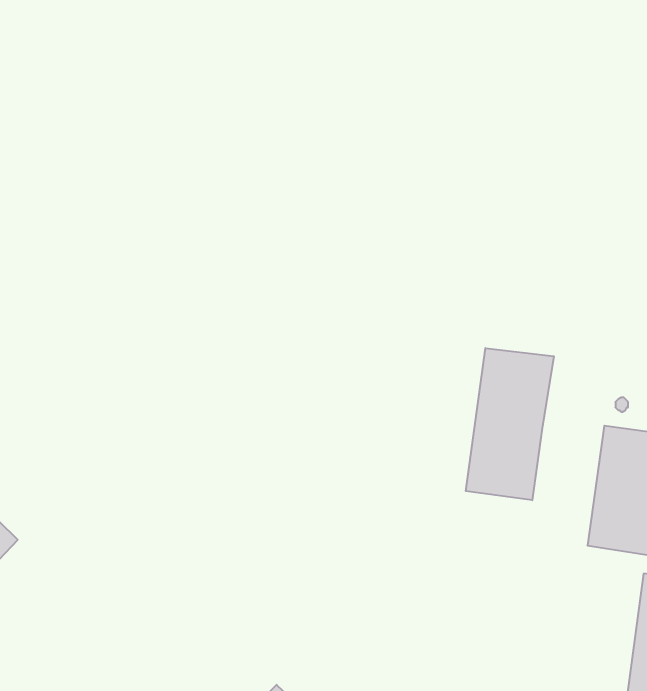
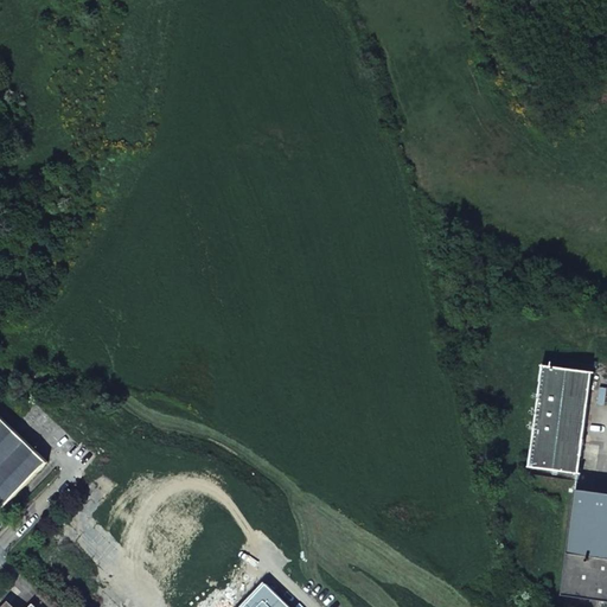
building: [466,348,554,500] -> none

